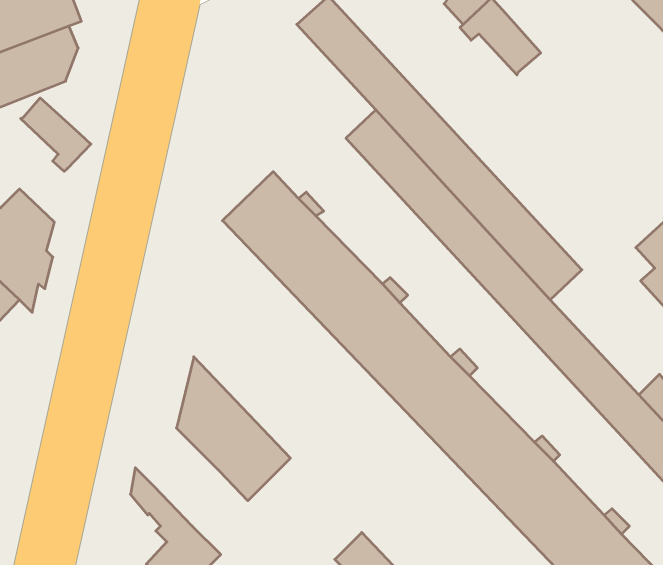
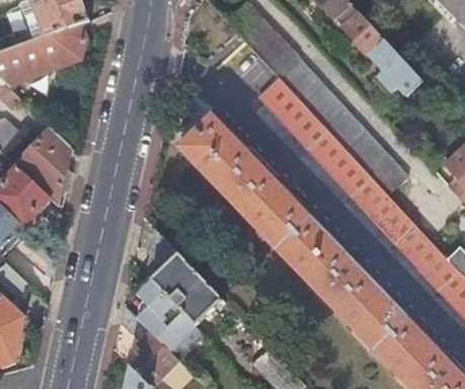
building: none -> [369,41,420,94]
building: [21,98,91,171] -> none
building: none -> [135,279,200,362]

